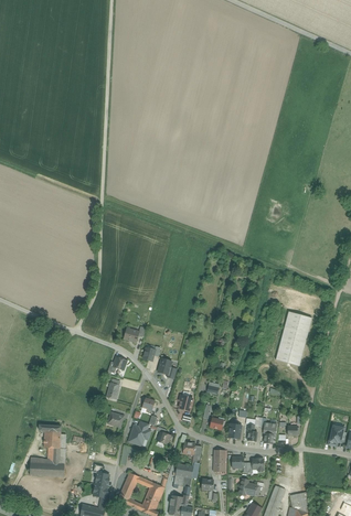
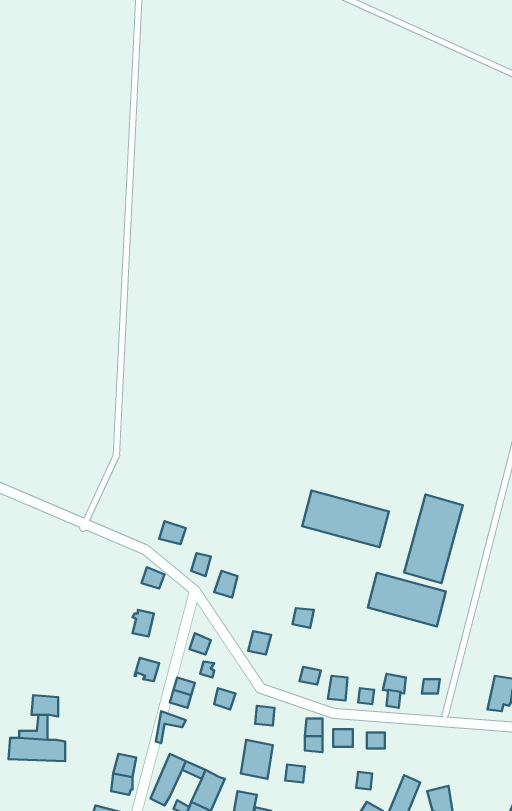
building: none -> [302,490,389,547]
building: none -> [368,573,446,626]

